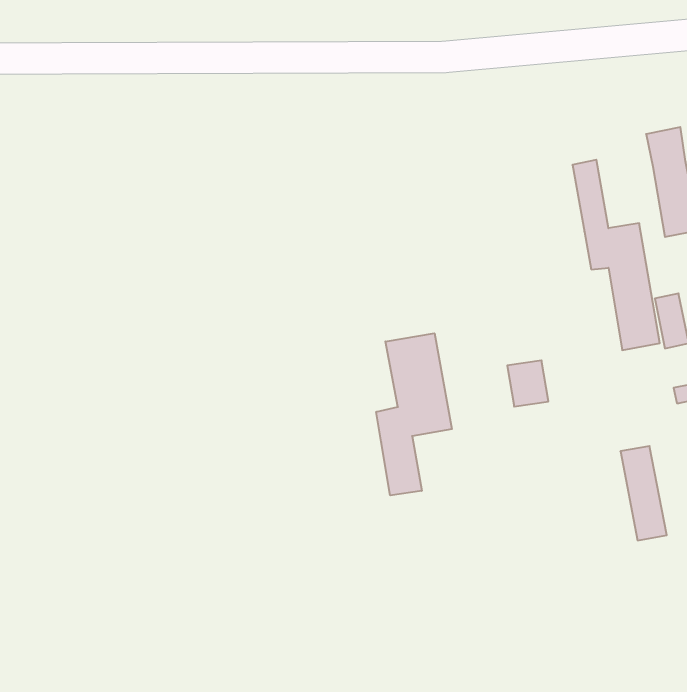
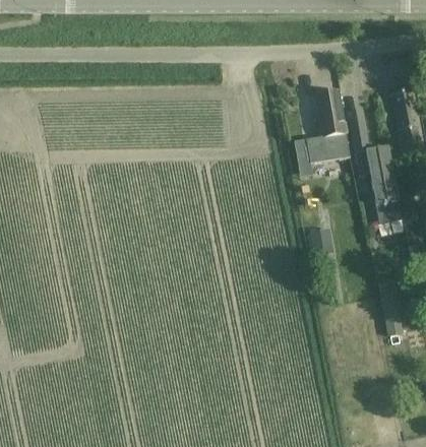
building: none -> [306,88,349,162]
building: [376,333,452,495] -> none

